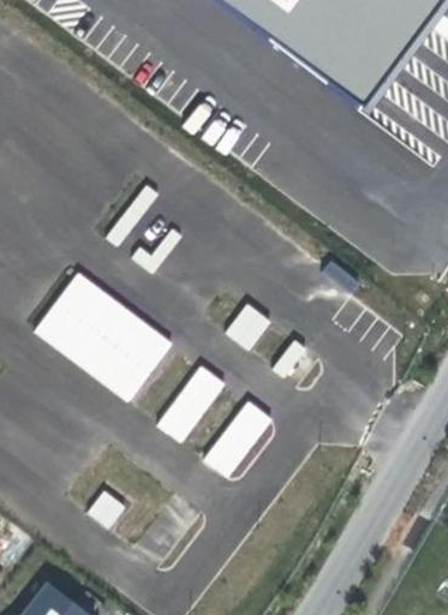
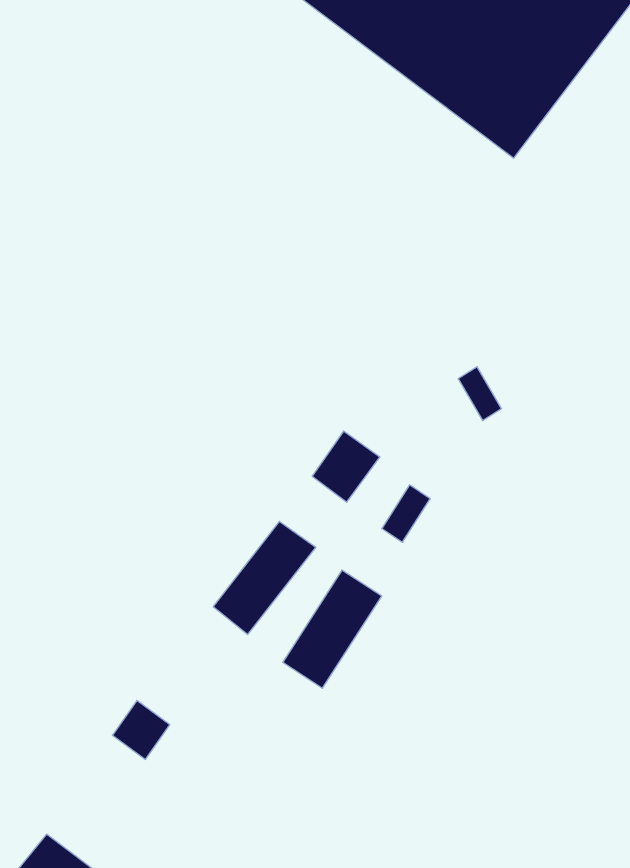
building: [32,270,174,401] -> none

